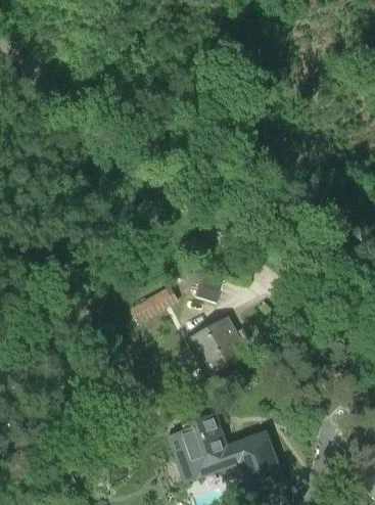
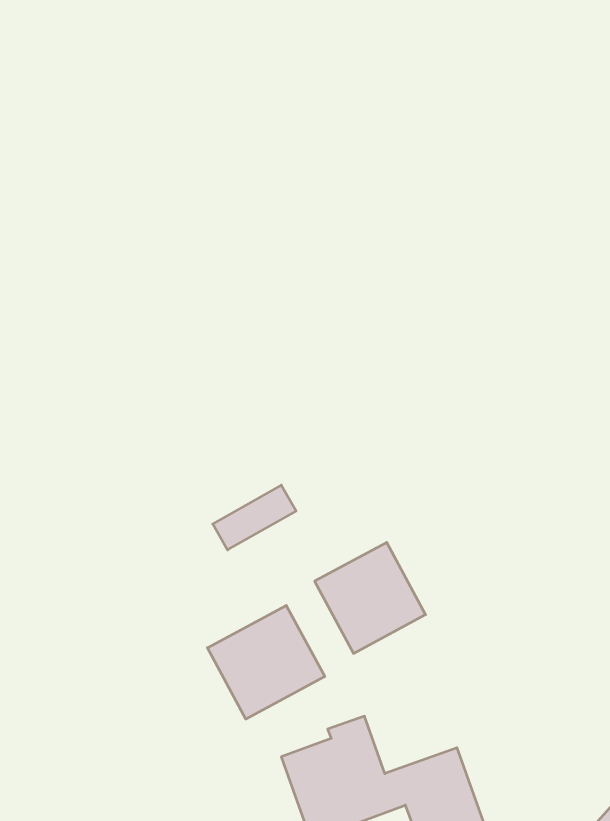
building: [175,266,223,302] -> none
building: none -> [207,605,325,719]

